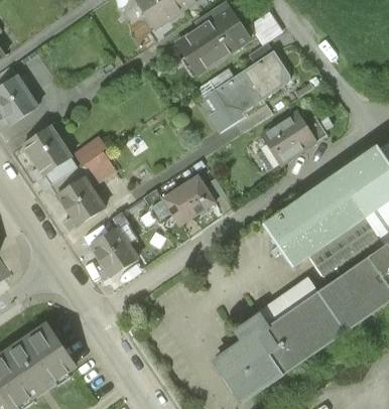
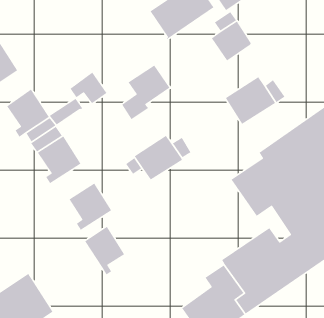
building: [209,73,262,133] -> [121,64,170,120]
building: [78,150,119,185] -> [69,72,108,104]
building: none -> [84,226,125,276]

